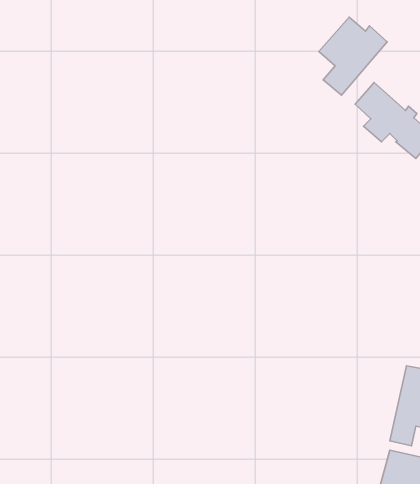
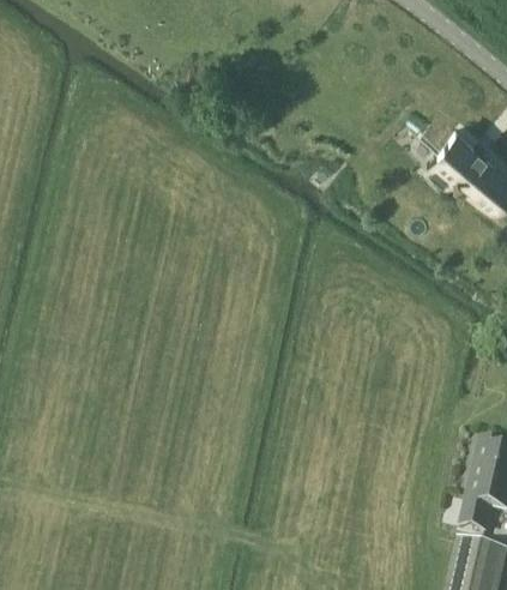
building: [319,17,387,95] -> none

